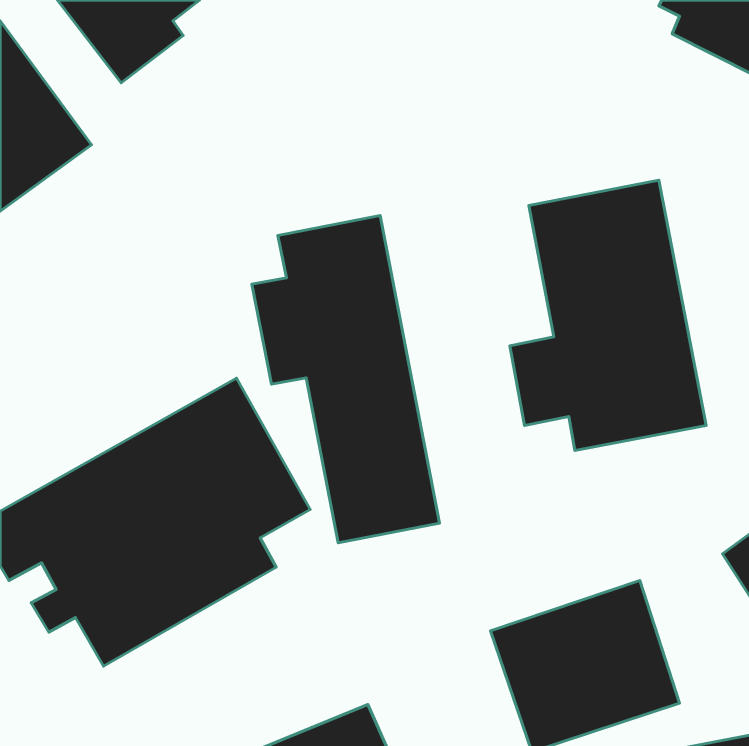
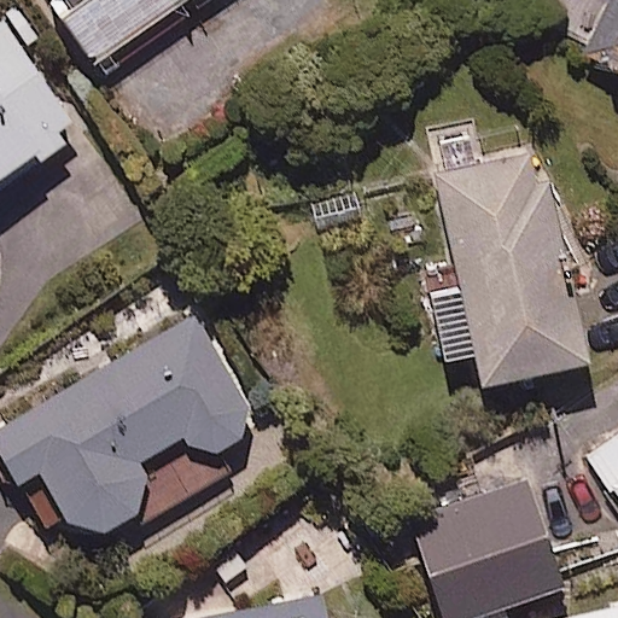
building: [252,215,439,543] -> none

